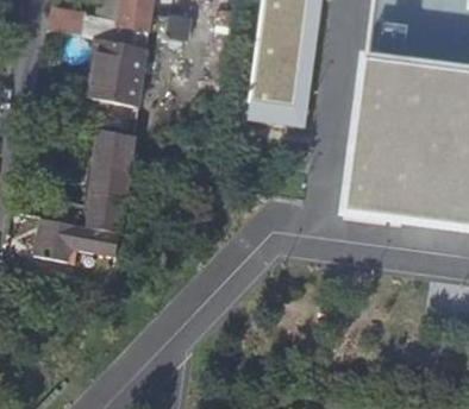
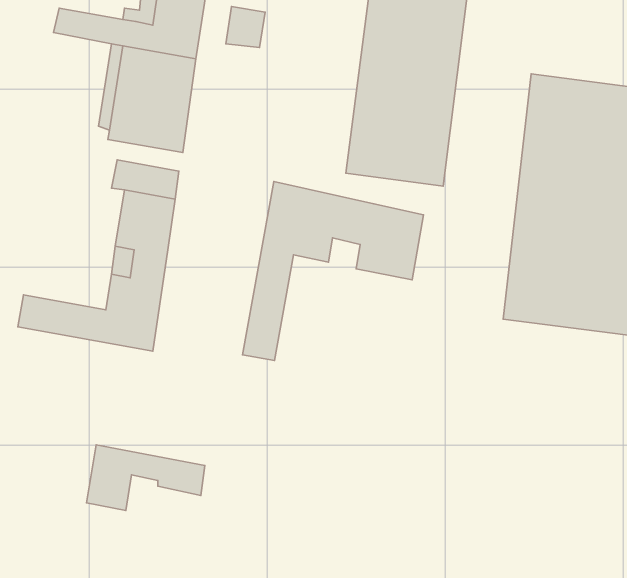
building: none -> [243,182,424,361]
building: [44,219,119,260] -> [87,445,205,510]

